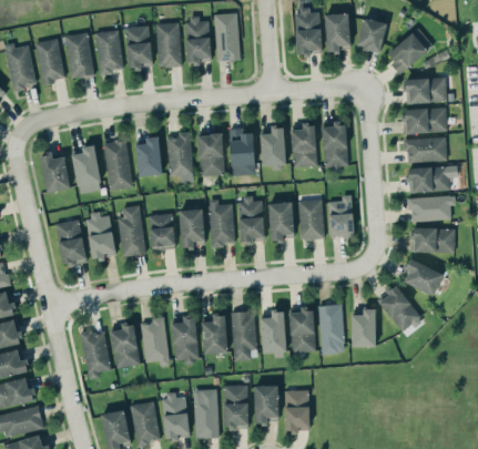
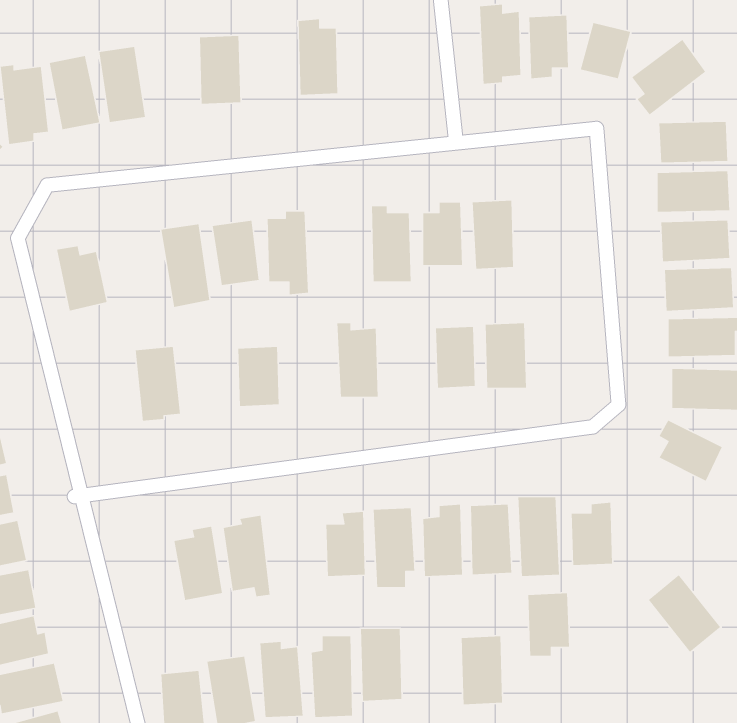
building: [214,13,238,61] -> none
building: [156,22,181,67] -> none
building: [94,30,122,74] -> none
building: [322,123,347,167] -> none
building: [199,133,224,175] -> none
building: [72,145,101,193] -> none
building: [328,195,353,237] -> none
building: [238,197,264,243] -> none
building: [116,205,145,256] -> none
building: [180,210,204,248] -> none
building: [54,218,87,266] -> none
building: [377,285,421,333] -> [648,574,721,653]
building: [172,316,199,363] -> none
building: [82,330,109,379] -> none
building: [253,385,278,424] -> [528,593,570,657]

